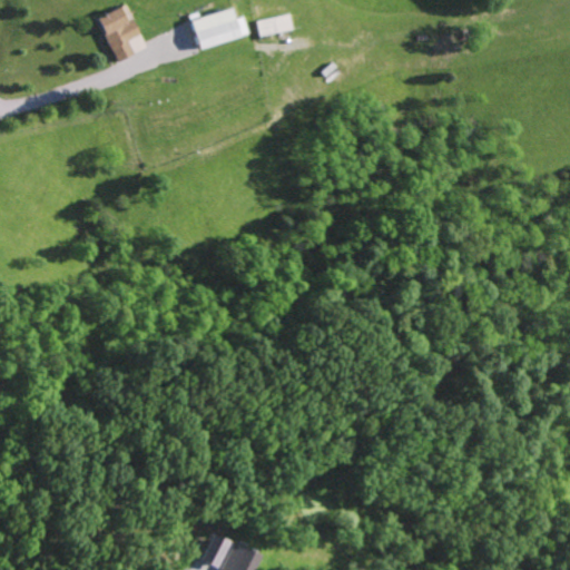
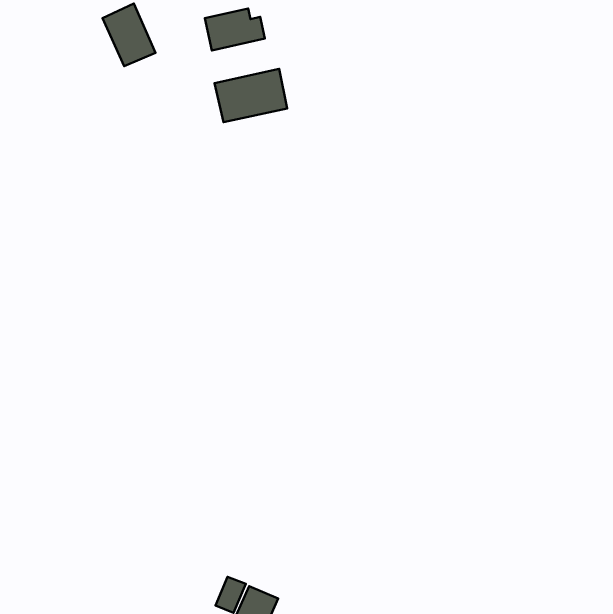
building: [255,14,292,37] -> none
building: none -> [214,69,287,122]

